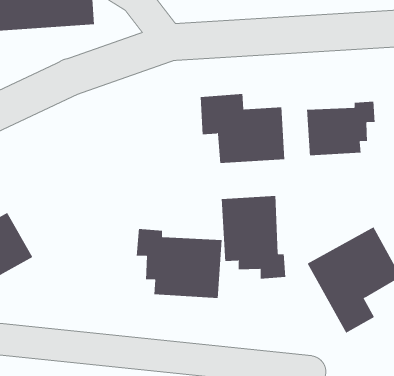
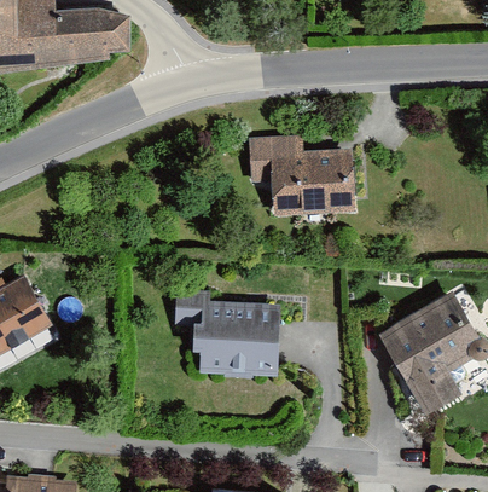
building: [307,101,375,156] -> none
building: [221,195,286,279] -> none

